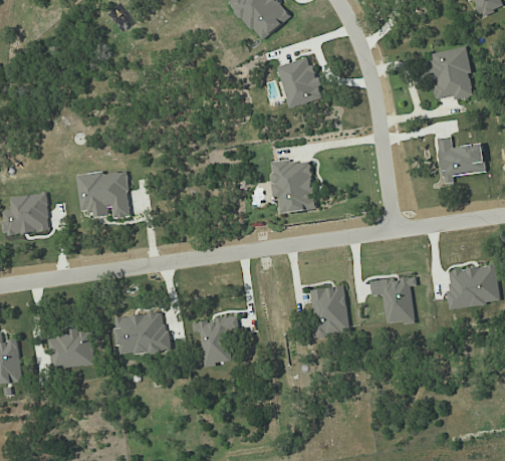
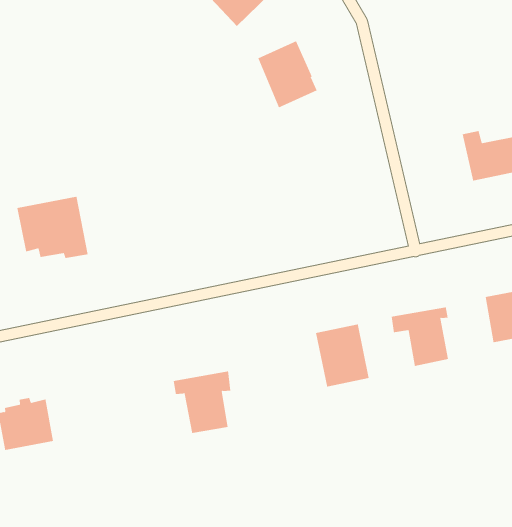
building: [428,46,474,98] -> none
building: [270,158,314,213] -> none
building: [114,311,168,354] -> none

